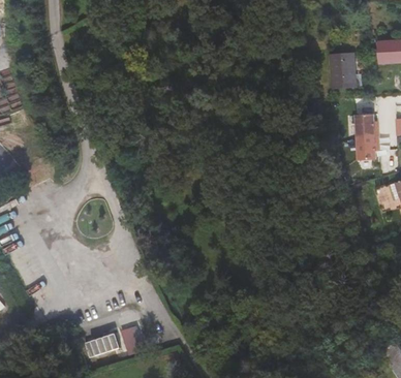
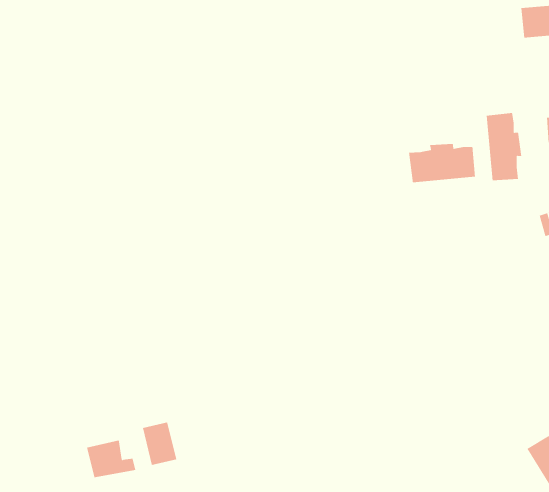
building: [329,55,354,87] -> none
building: none -> [408,143,475,183]

